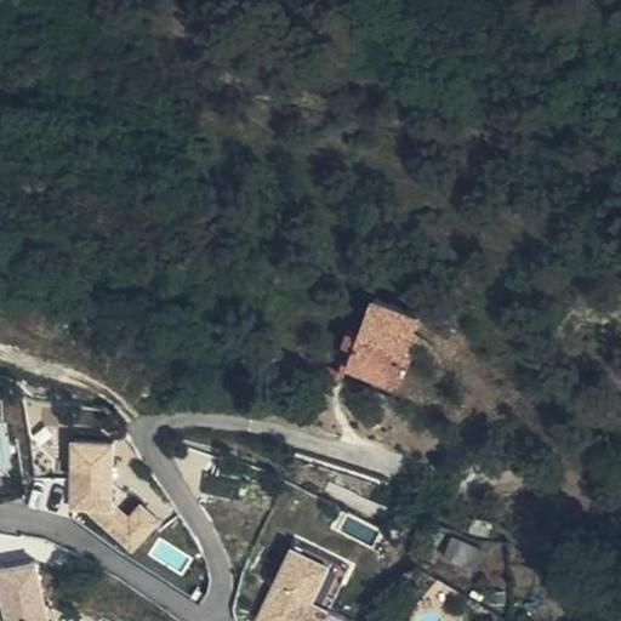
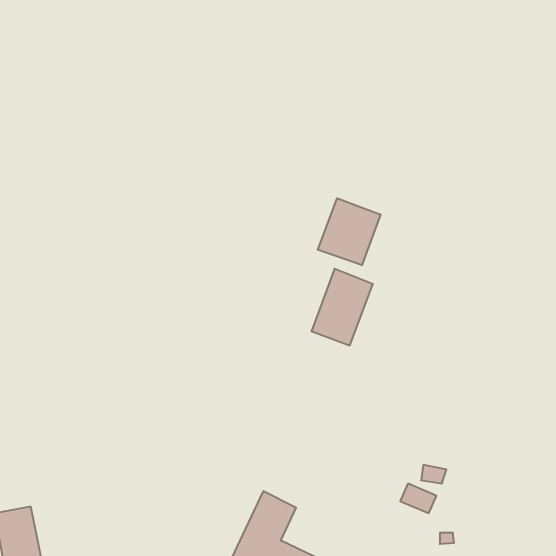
building: none -> [318,198,381,265]
building: [69,441,156,553] -> none

